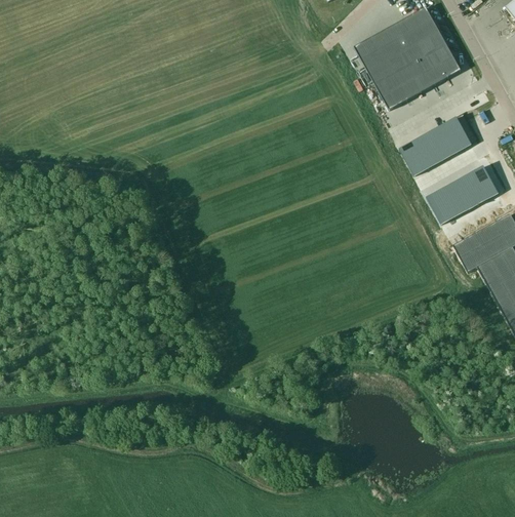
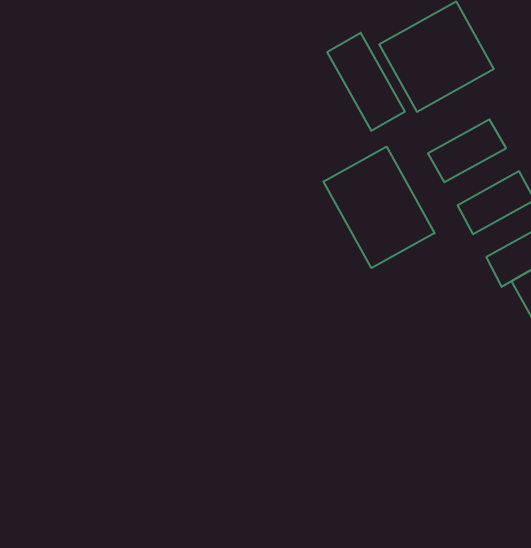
building: none -> [327,33,405,131]
building: none -> [323,147,435,268]

